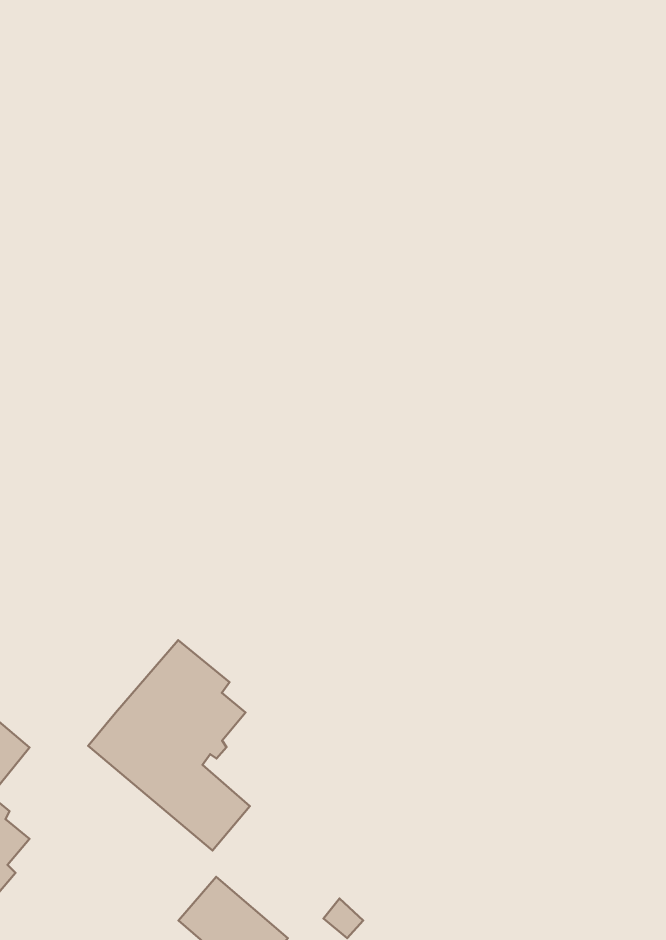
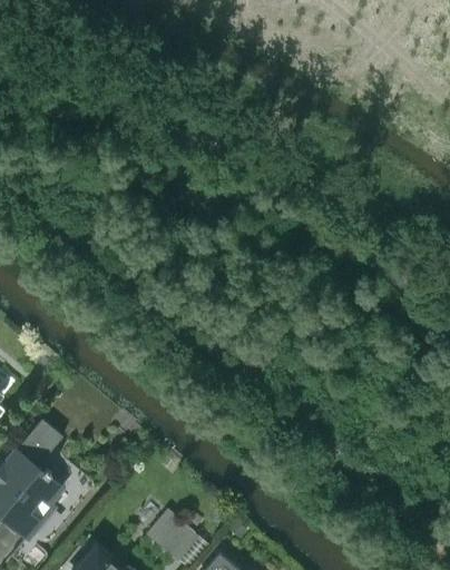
building: [88,640,250,851] -> none

